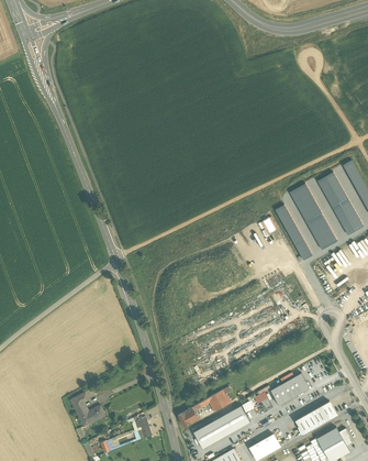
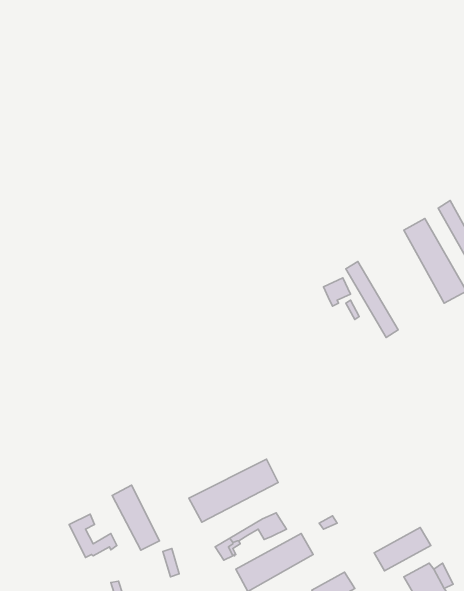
building: [288,184,336,250] -> none
building: none -> [189,459,278,522]
building: none -> [112,485,159,550]
building: [270,373,309,405] -> none

